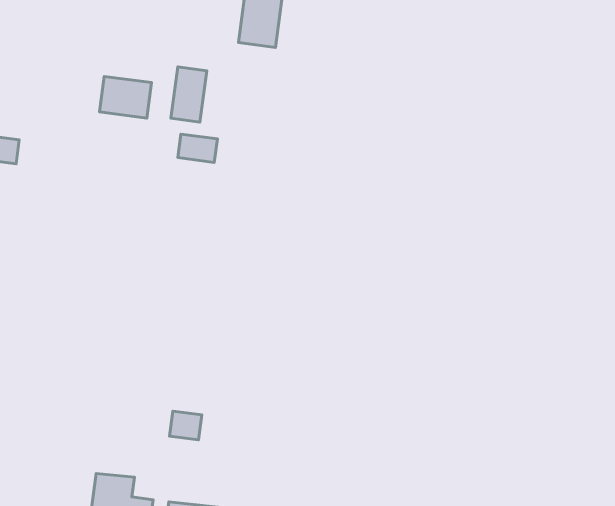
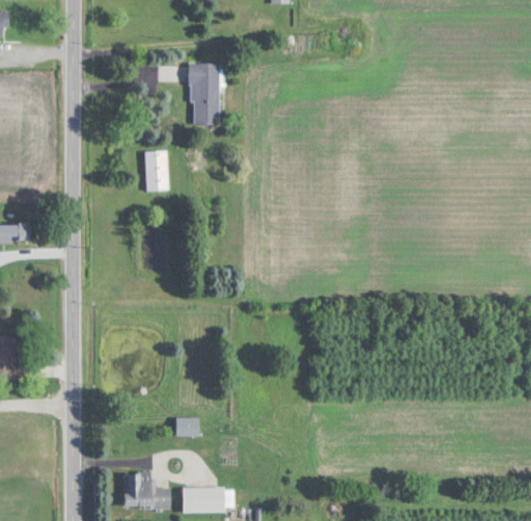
building: [100,76,152,118] -> none
building: [178,134,217,162] -> none

